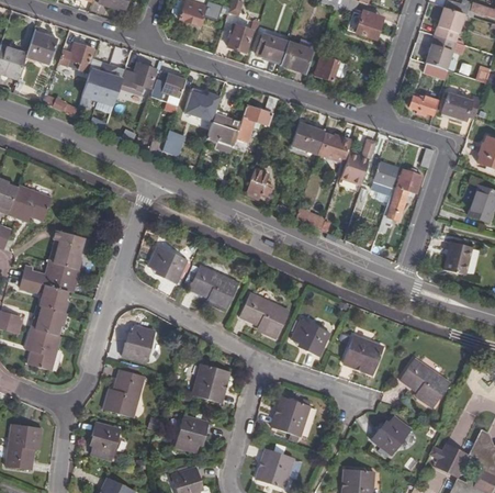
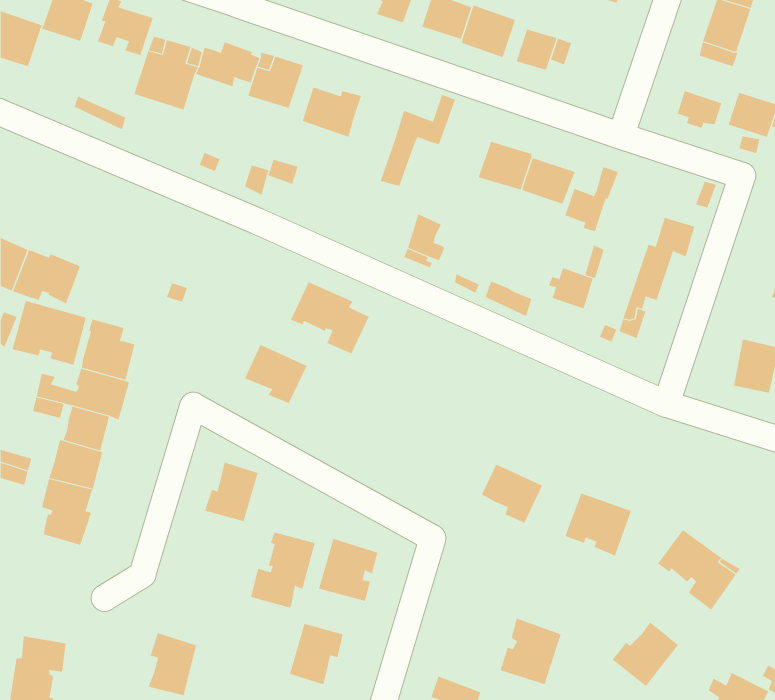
building: [205,109,239,152] -> none
building: [371,160,398,186] -> [548,267,593,309]
building: none -> [12,300,86,365]
building: [189,266,237,310] -> [290,282,370,354]
building: [239,292,289,335] -> none
building: [104,369,144,415] -> [250,532,315,608]
building: [271,394,308,435] -> [500,618,562,685]

